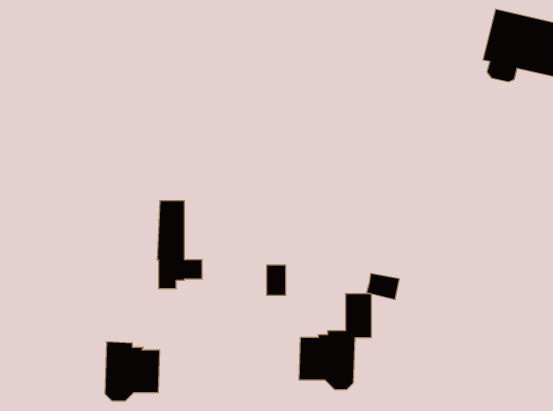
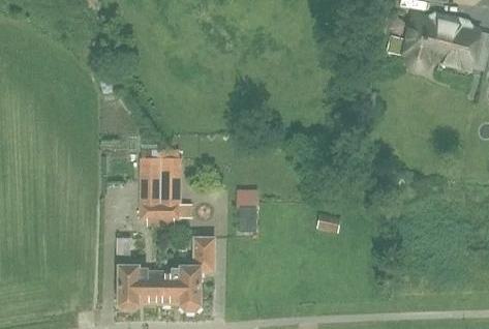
building: none -> [140,158,160,225]
building: [299,294,371,390] -> [159,238,214,310]

